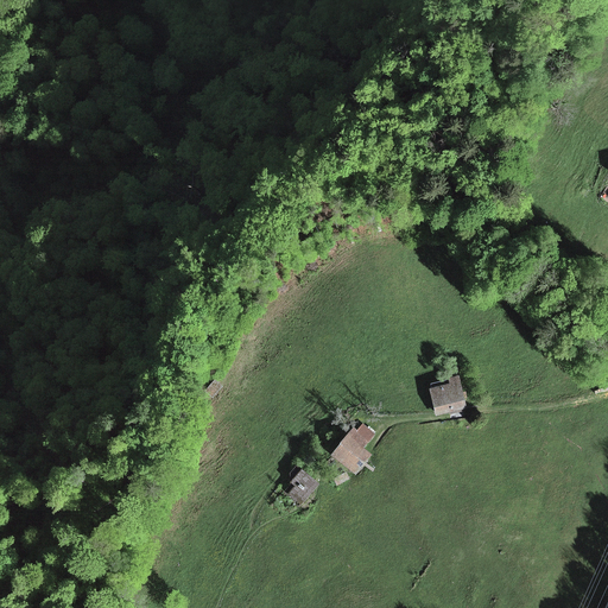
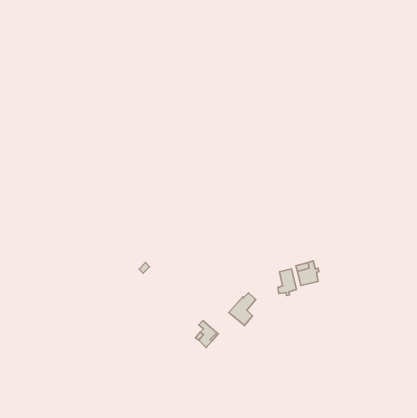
building: none -> [278,269,296,296]

